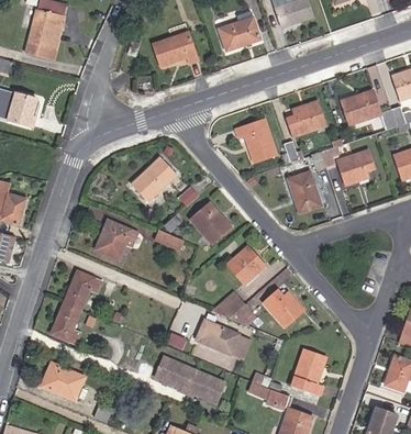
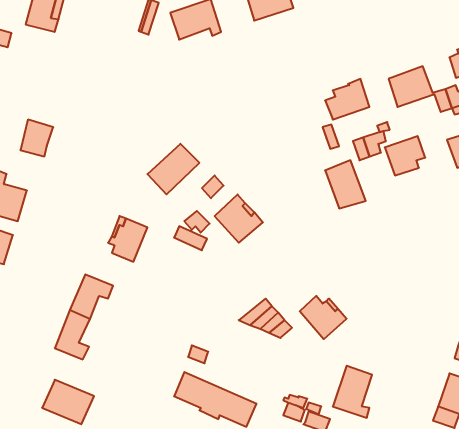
building: [9,92,37,124] -> [20,120,53,156]
building: [233,120,275,162] -> none
building: [227,245,266,283] -> none
building: [197,320,249,358] -> none

